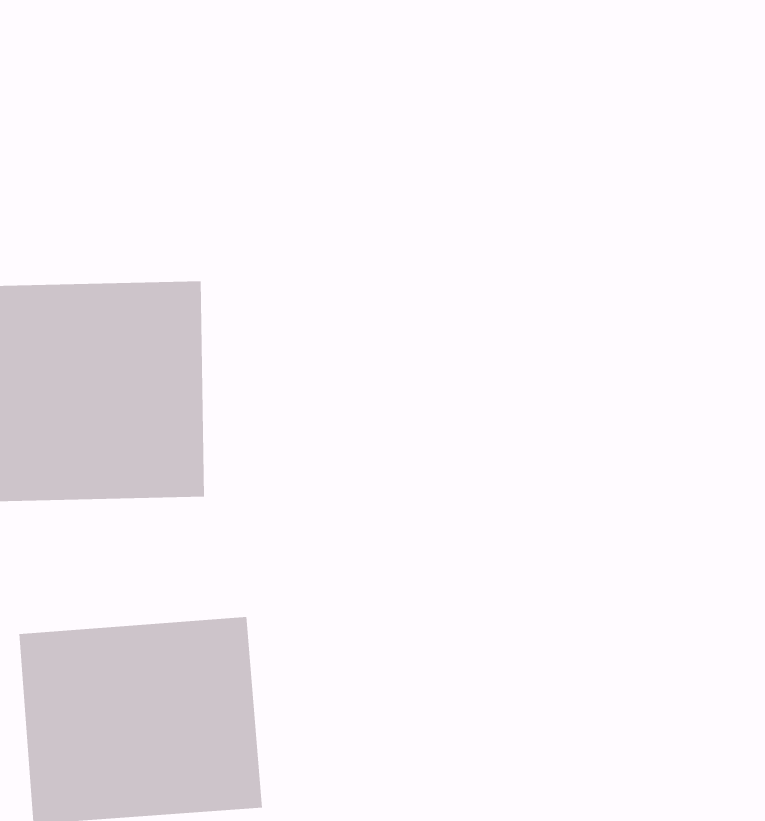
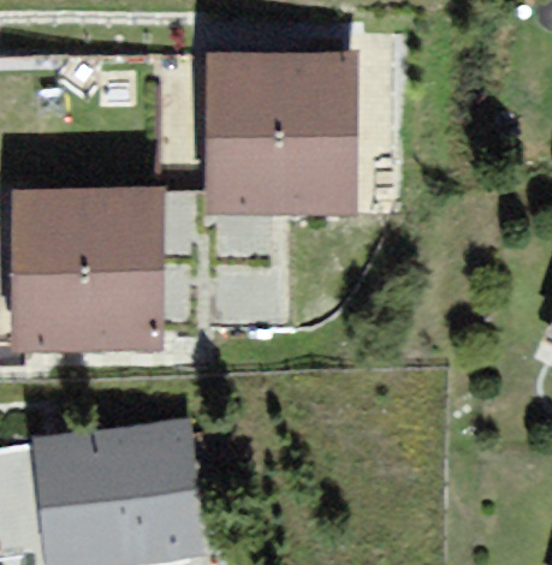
building: none -> [203,60,357,210]

